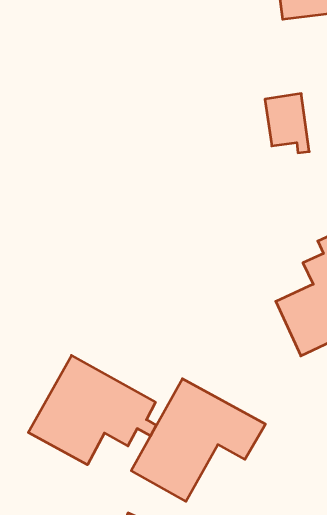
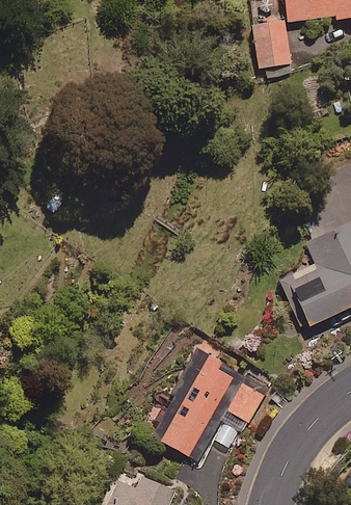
building: [265,94,309,153] -> [251,20,292,74]
building: [28,355,156,465] -> none

